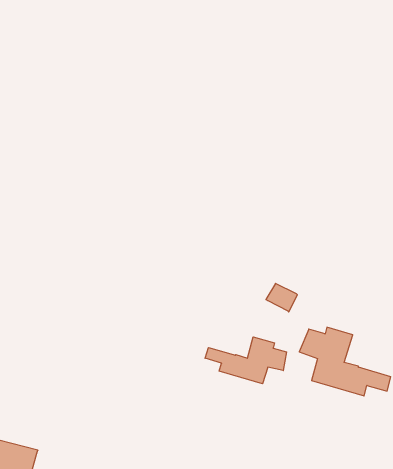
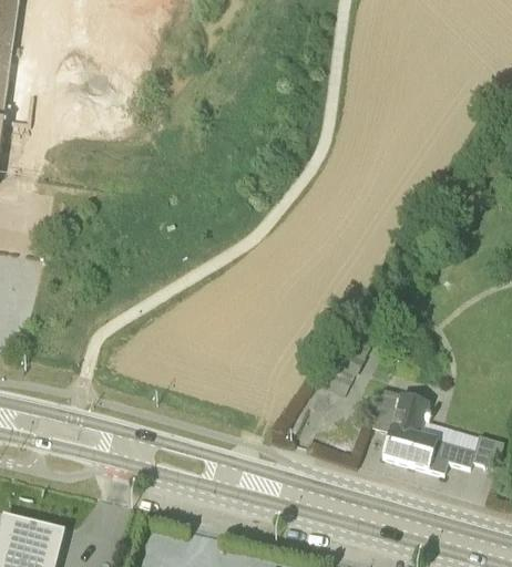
building: [205,337,286,384] -> none

